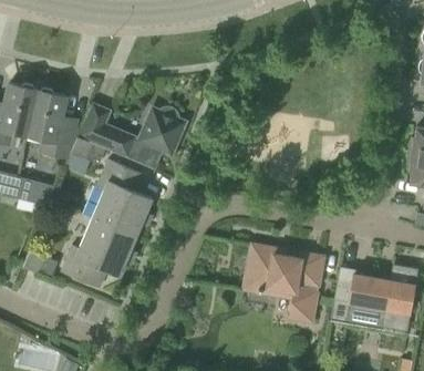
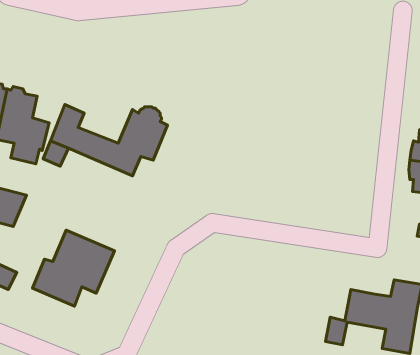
building: [92,163,153,238] -> none
building: [242,245,323,322] -> none

